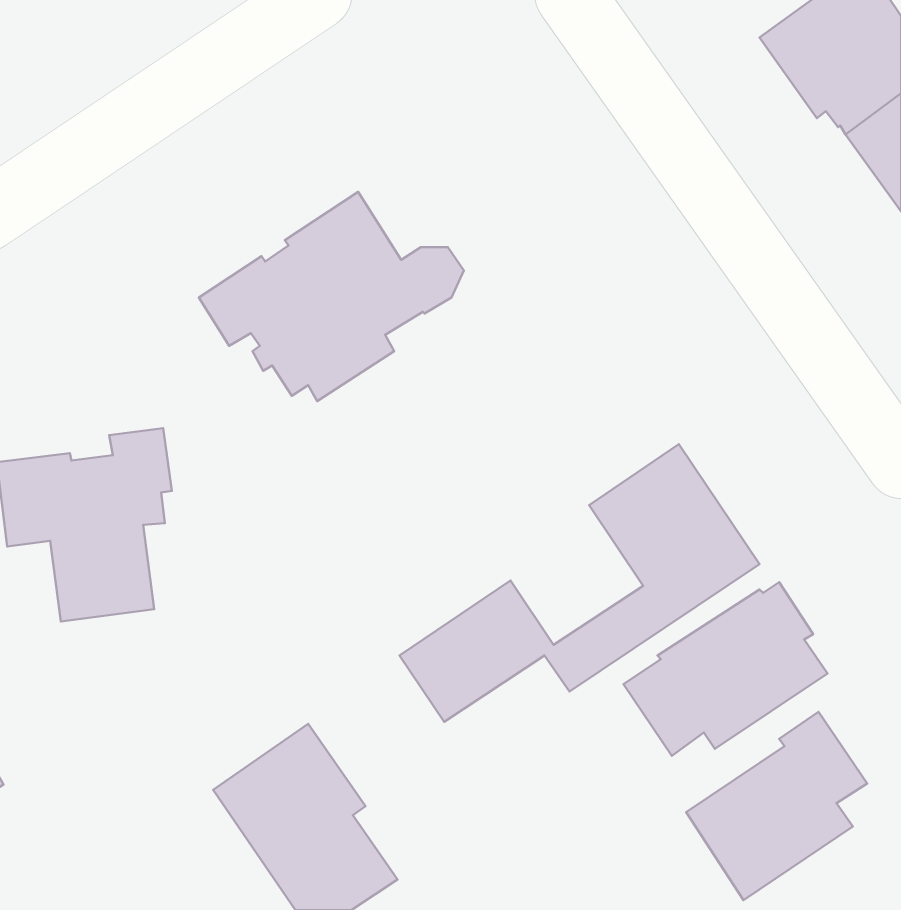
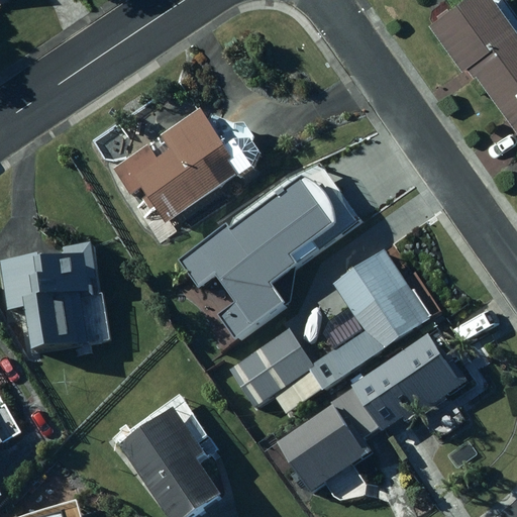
building: none -> [179,177,338,340]
building: [686,712,867,900] -> [277,386,379,492]

